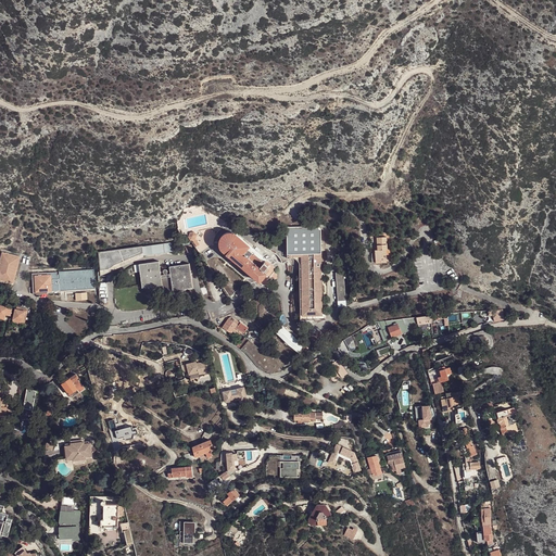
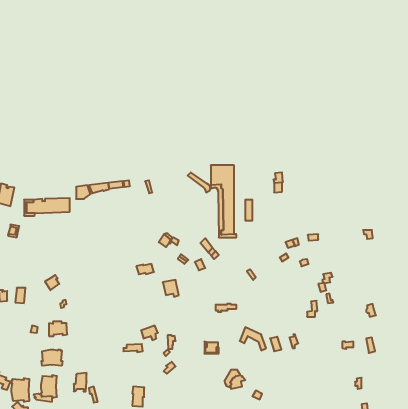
building: [216,228,266,277] -> none
building: [141,264,165,291] -> none
building: [168,267,192,293] -> none
building: none -> [41,350,62,366]
building: none -> [11,378,29,402]

